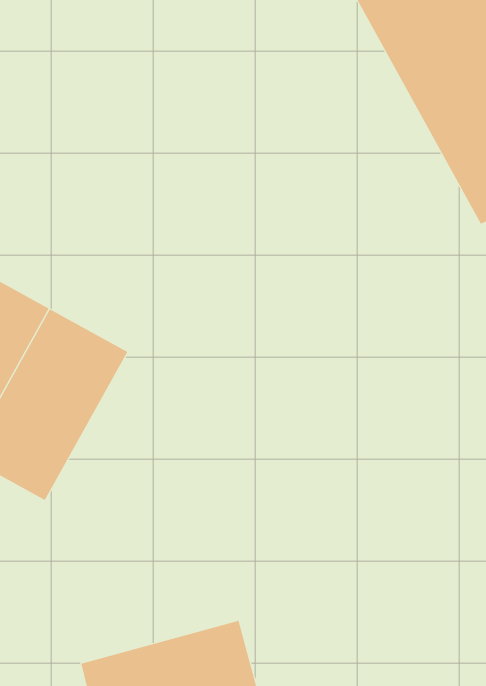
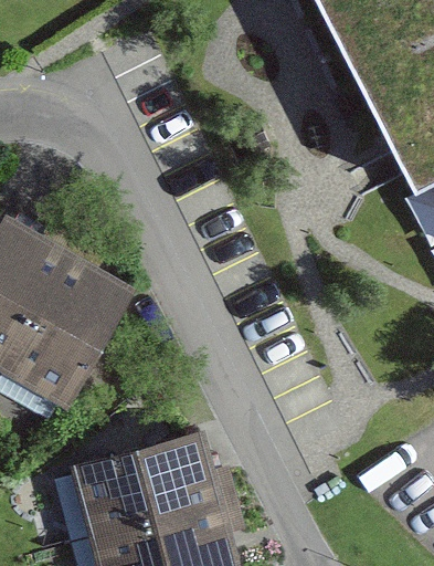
building: none -> [72,433,222,544]

